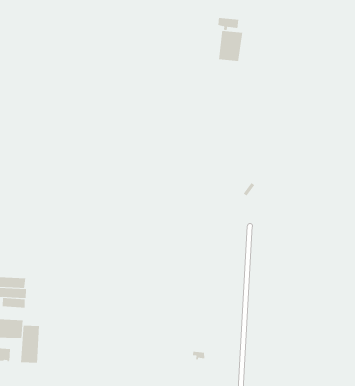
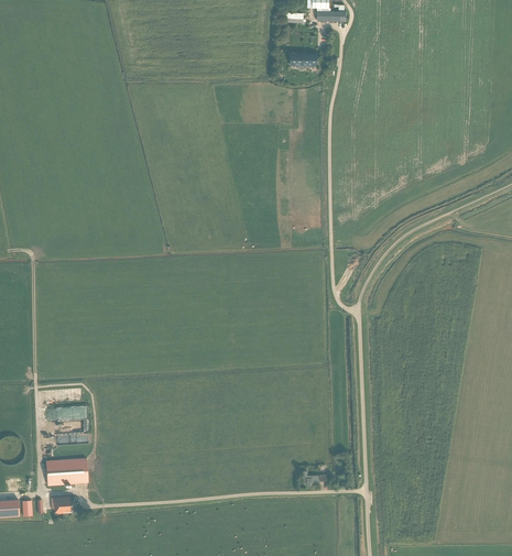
building: [219,30,243,62] -> none
building: [21,325,39,364] -> none

